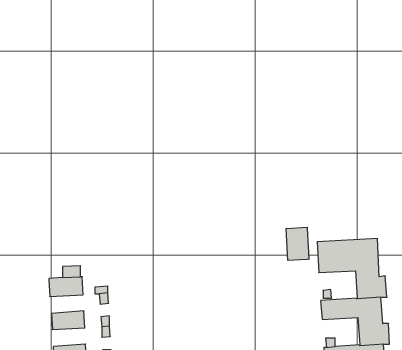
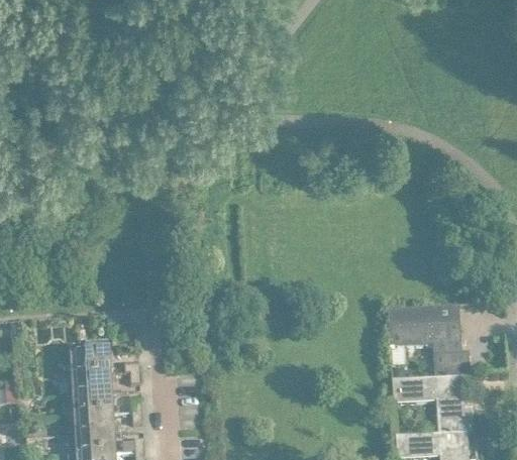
building: [286,227,309,260] -> none
building: none -> [71,371,111,393]
building: none -> [74,411,113,433]

